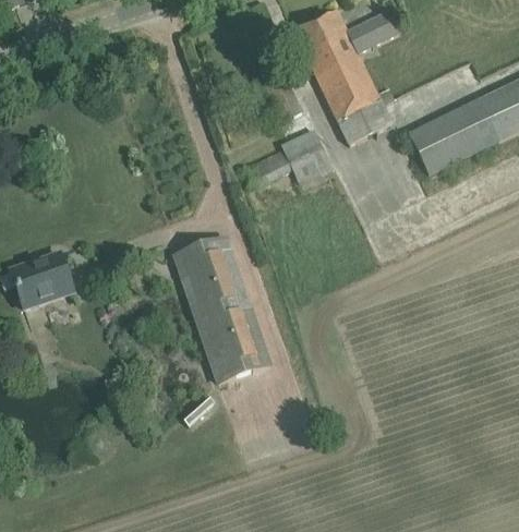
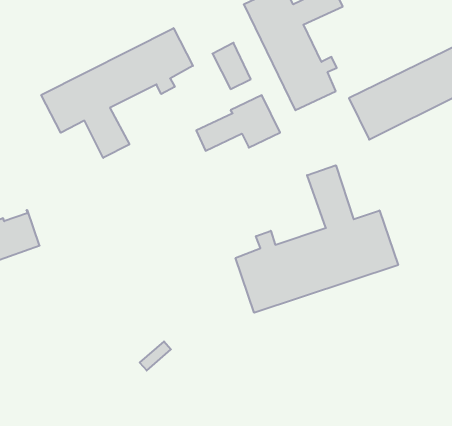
building: none -> [41,28,193,158]
building: none -> [236,165,398,313]
building: [173,238,269,384] -> none

